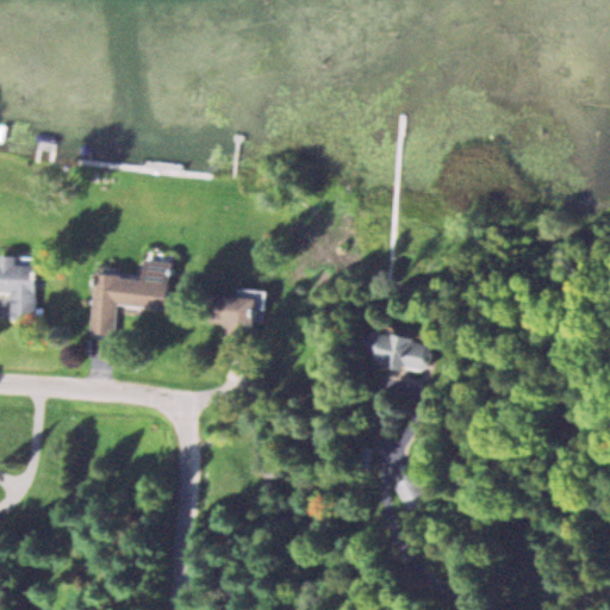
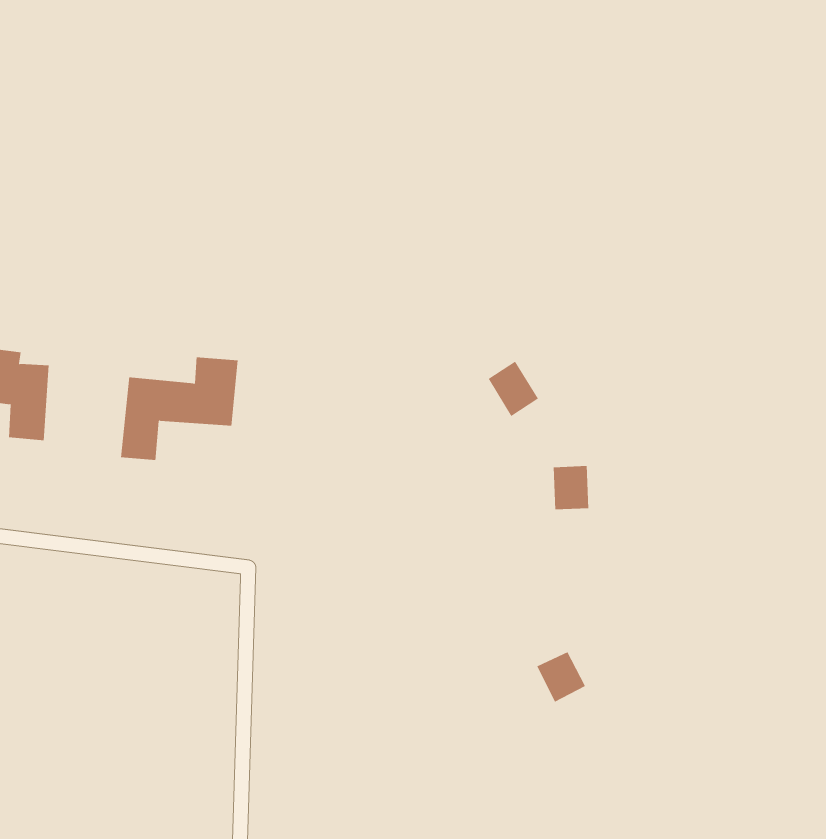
building: [204,292,257,343] -> none
building: [361,325,398,366] -> [488,361,539,417]

